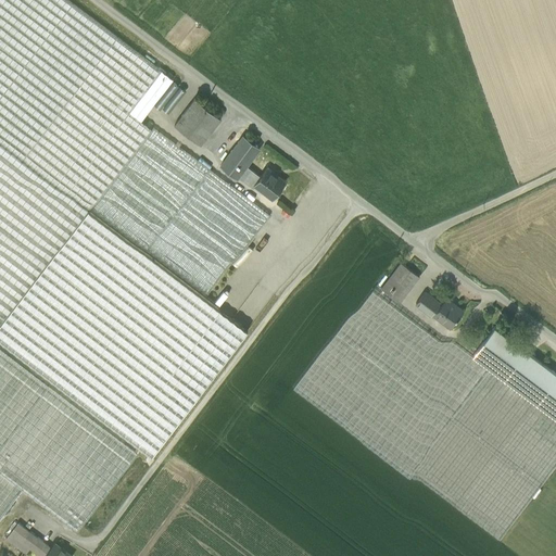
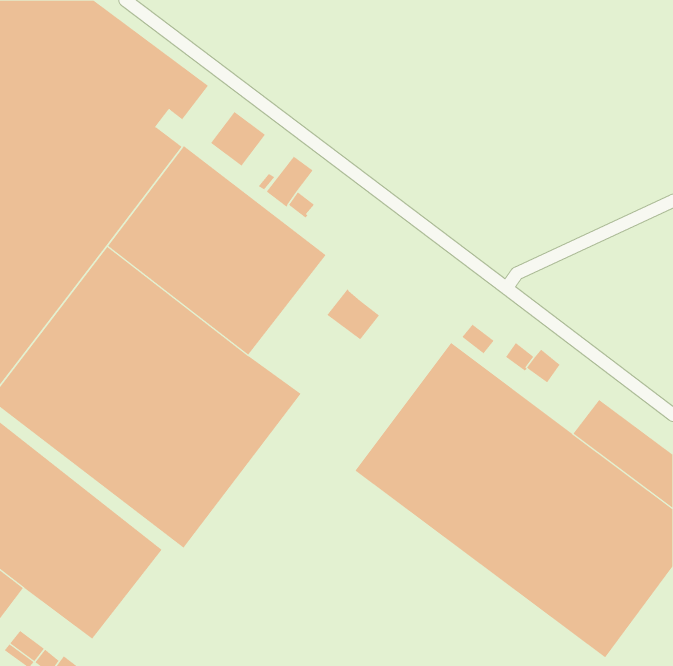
building: [252,167,282,198] -> none
building: none -> [327,288,380,340]
building: [388,260,417,288] -> none

